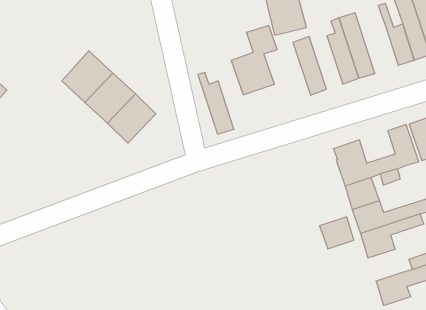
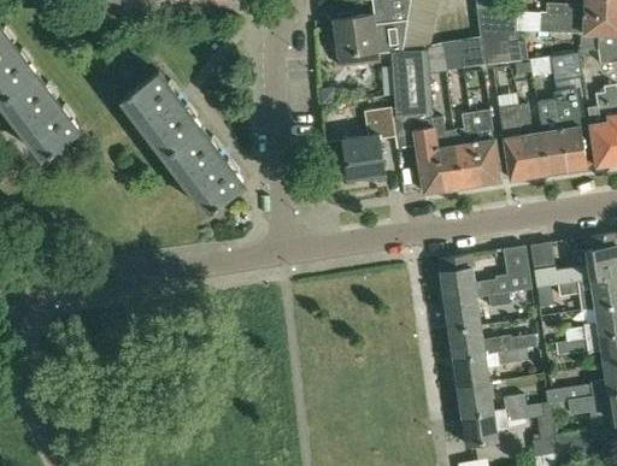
building: none -> [499,106,529,179]
building: none -> [124,72,182,130]
building: [198,72,234,134] -> [433,118,463,190]
building: [320,217,354,249] -> [458,384,494,417]

